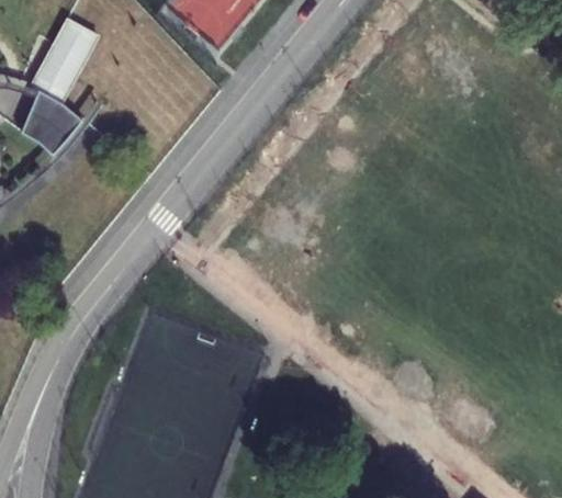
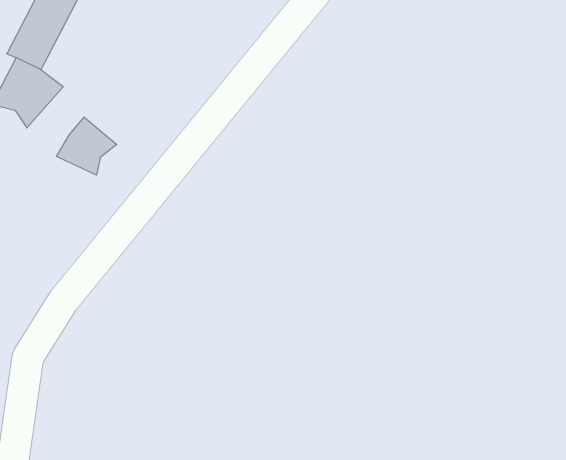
building: none -> [56,117,117,175]

